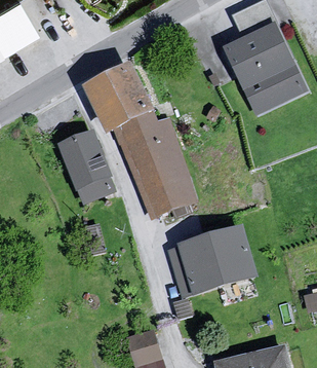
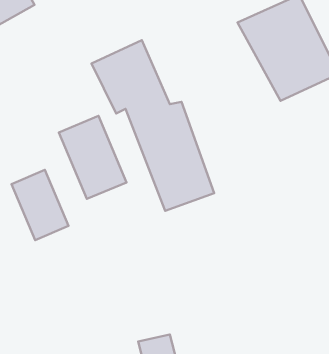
building: none -> [12,170,68,240]
building: [169,223,256,299] -> none

